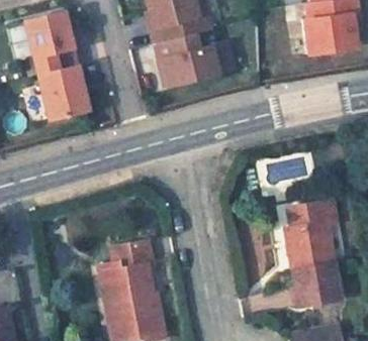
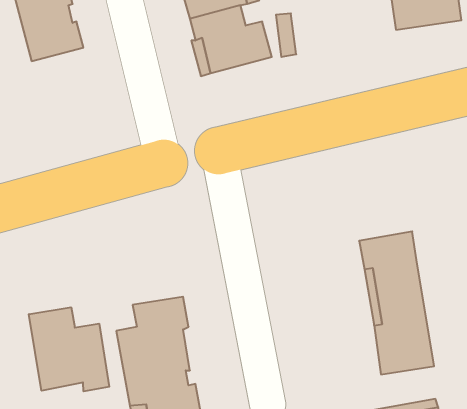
building: [39,65,89,118] -> none
building: none -> [29,307,109,391]

